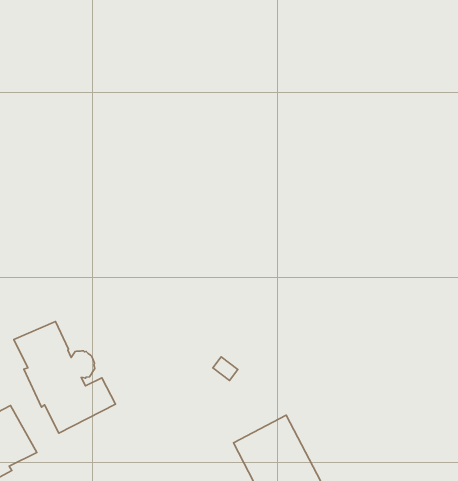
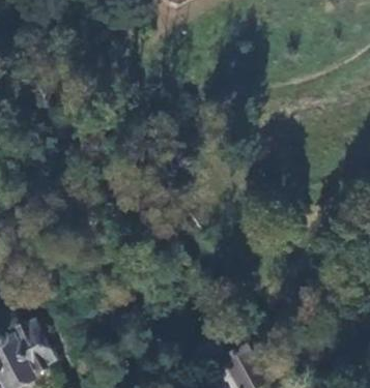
building: [14,322,116,433] -> none

